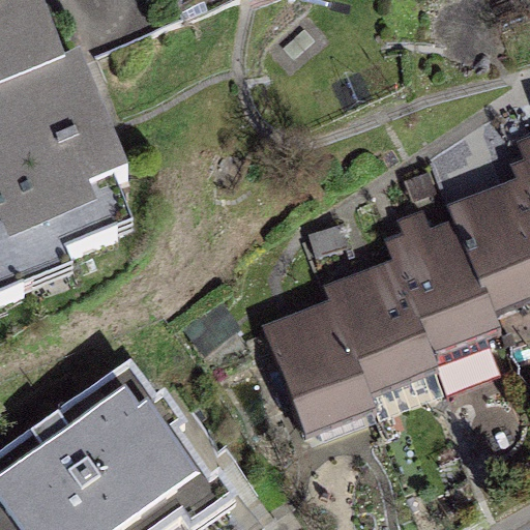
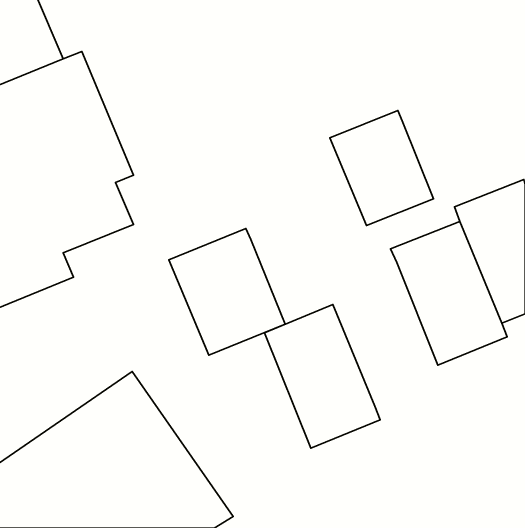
building: none -> [330,111,434,226]
building: none -> [169,228,285,355]
building: [323,259,437,401] -> none

